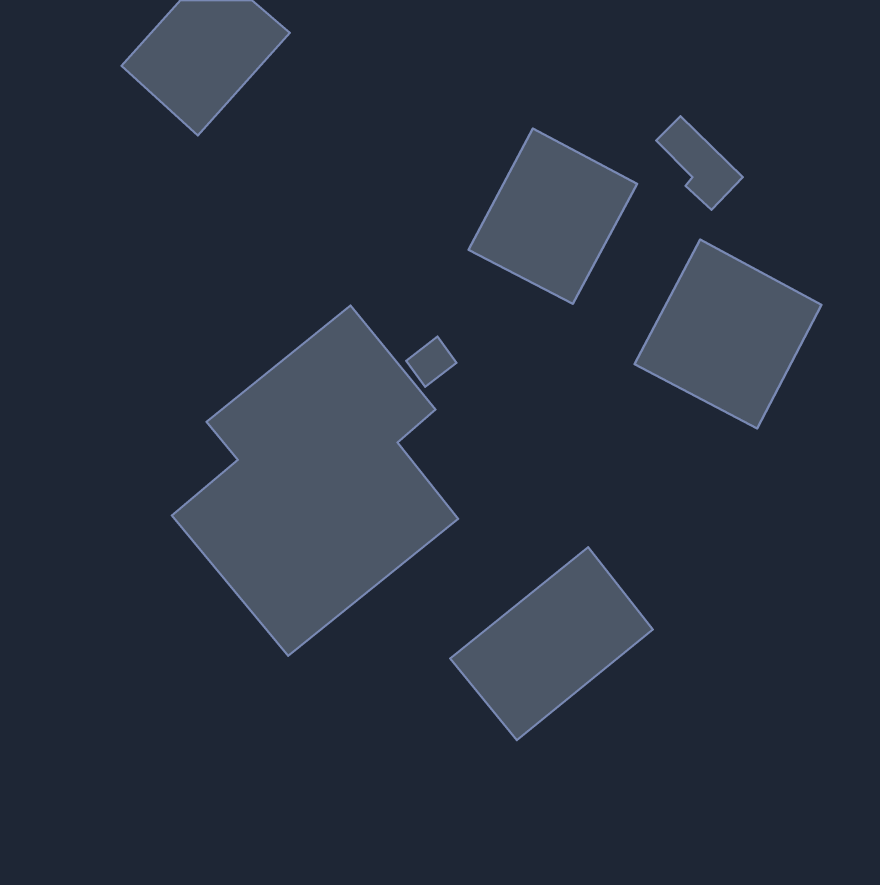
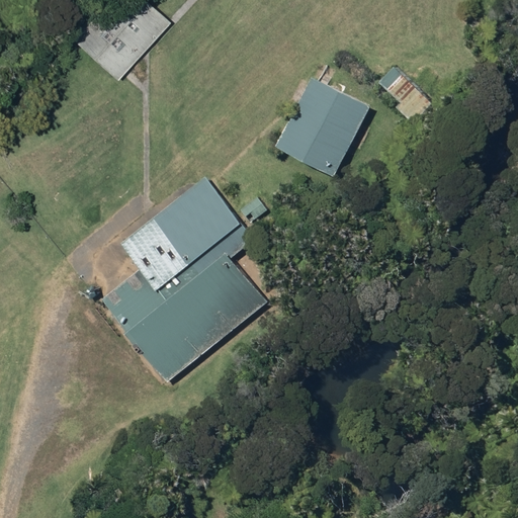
building: [634,240,821,429] -> none
building: [450,547,653,740] -> none

